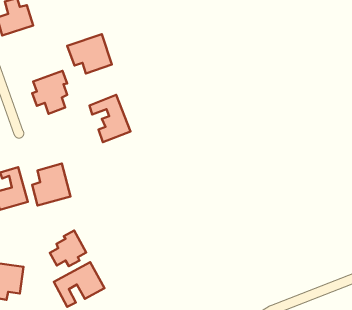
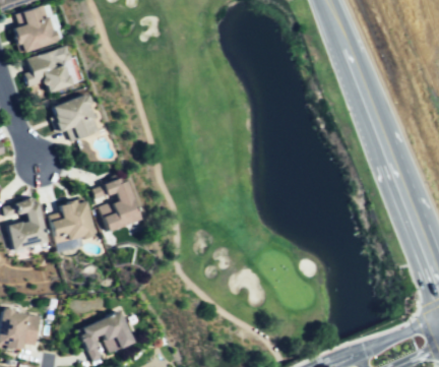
building: [67,34,112,73] -> [27,46,78,90]
building: [90,95,130,142] -> [93,177,140,231]
building: [50,231,86,266] -> none

